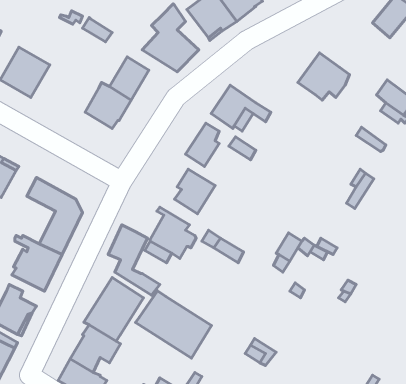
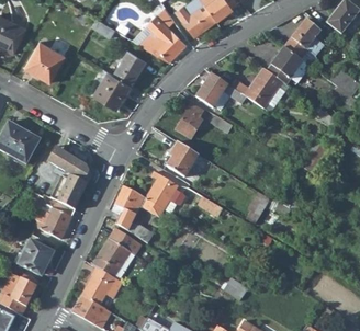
building: none -> [283,20,323,58]
building: none -> [232,68,289,112]
building: [135,291,211,358] -> none

